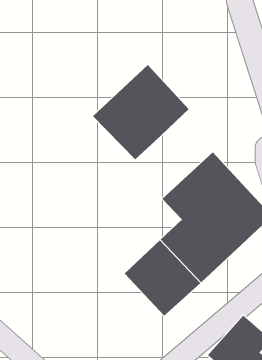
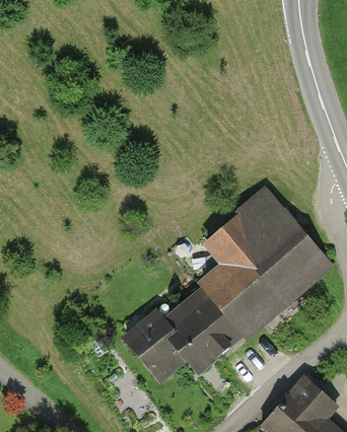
building: [92,64,190,160] -> none
building: none -> [129,318,192,382]

